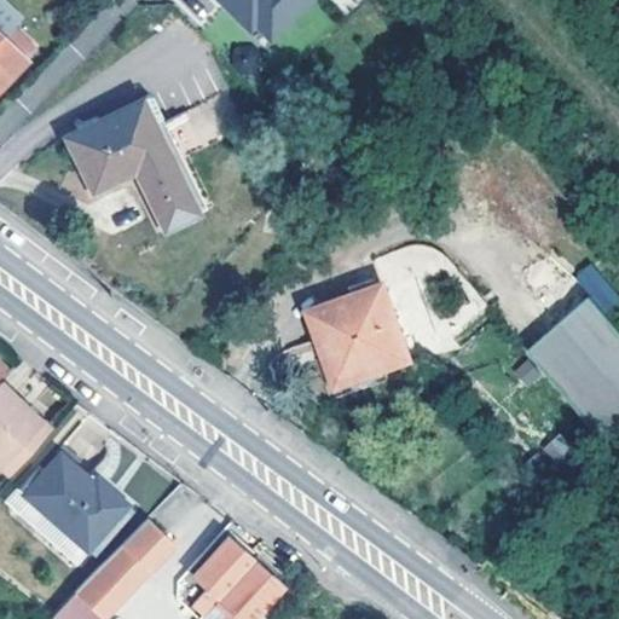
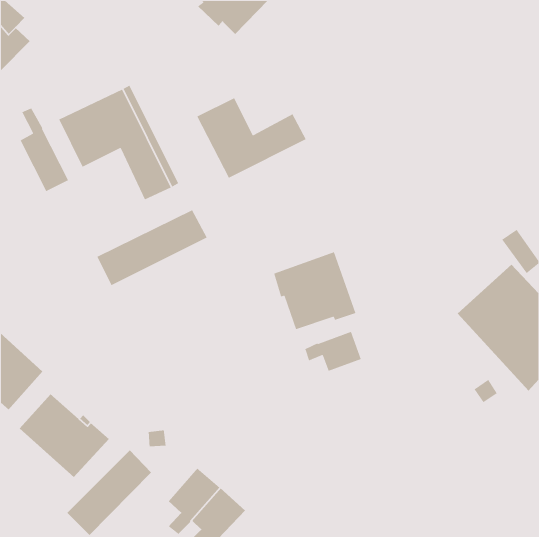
building: none -> [196,97,307,179]
building: none -> [20,107,69,192]
building: none -> [96,209,208,286]
building: none -> [304,331,362,372]

